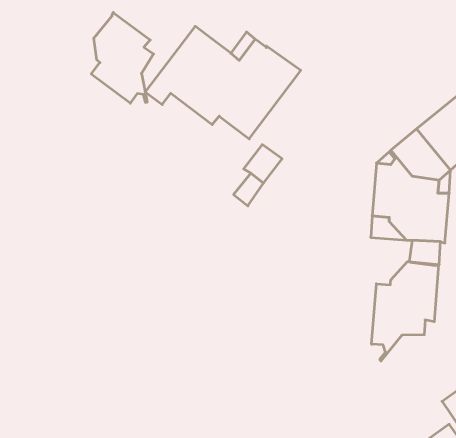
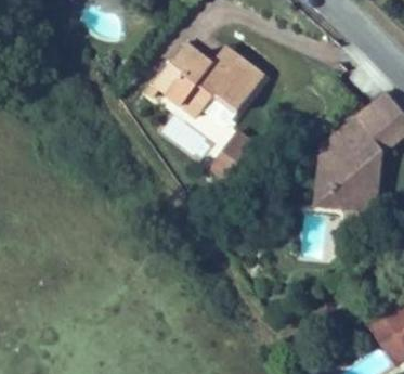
building: [91,12,154,103] -> none
building: [372,262,439,361] -> none

